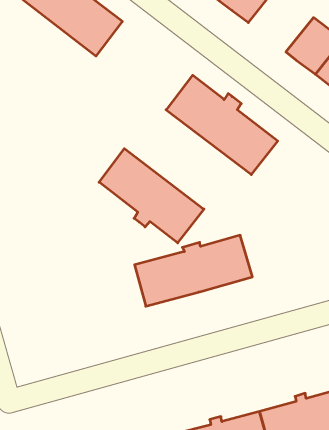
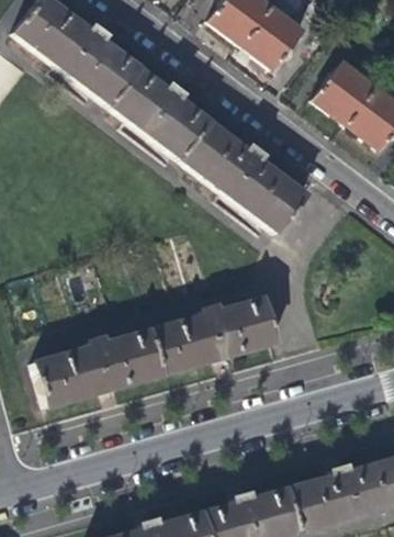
building: none -> [109,66,213,161]
building: [99,149,204,243] -> none
building: none -> [34,329,162,406]

